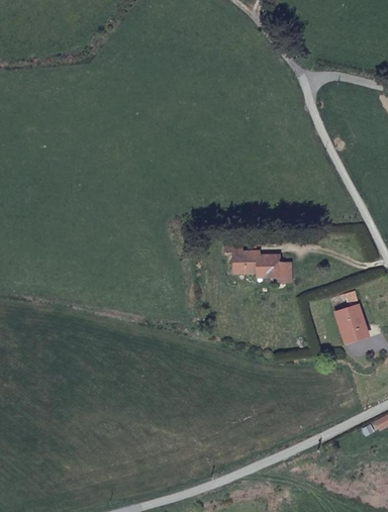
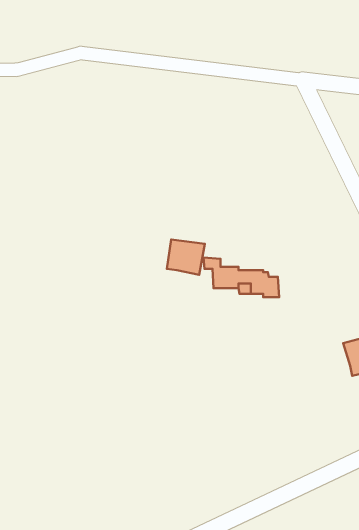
building: none -> [167,239,205,275]

